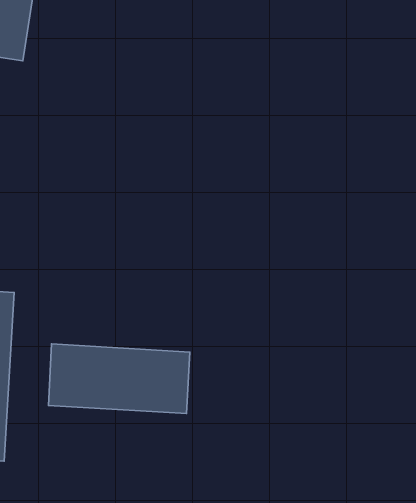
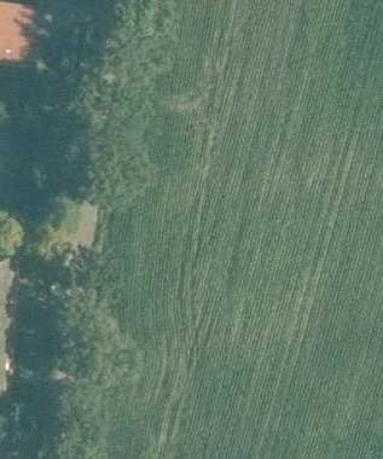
building: [48,344,190,414] -> none

